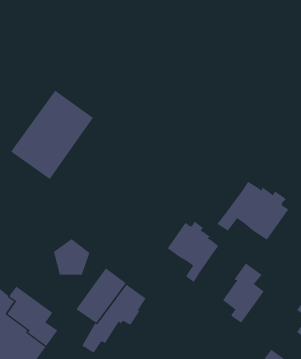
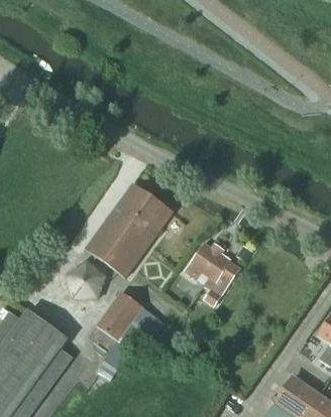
building: [10,90,94,180] -> [86,182,173,276]
building: [217,181,289,241] -> none
building: [222,262,264,323] -> none

